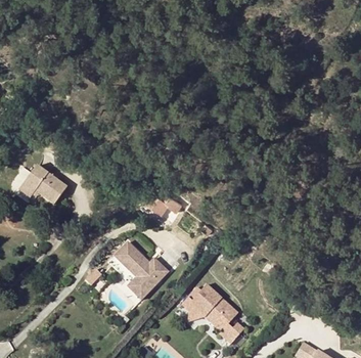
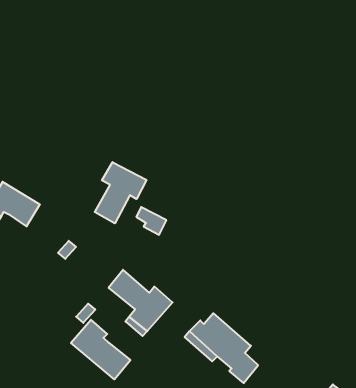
building: none -> [95,162,146,223]
building: none -> [71,320,130,379]

